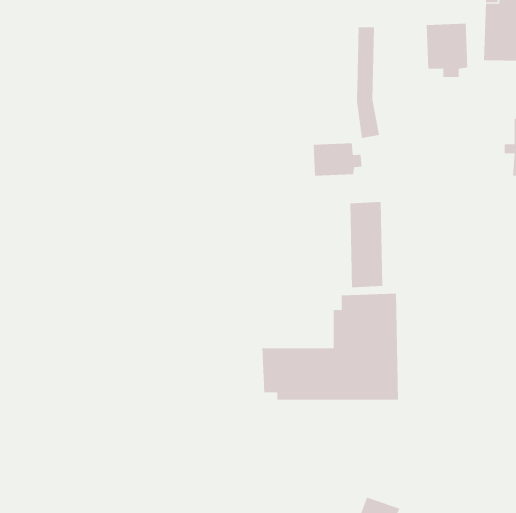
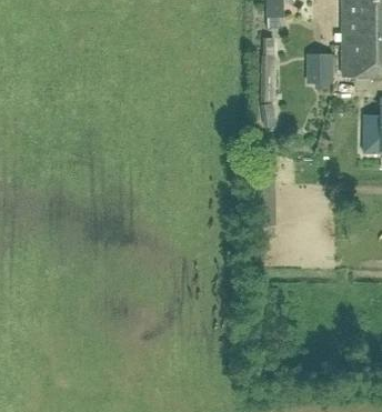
building: [313,142,362,177] -> none
building: [262,293,399,400] -> none

